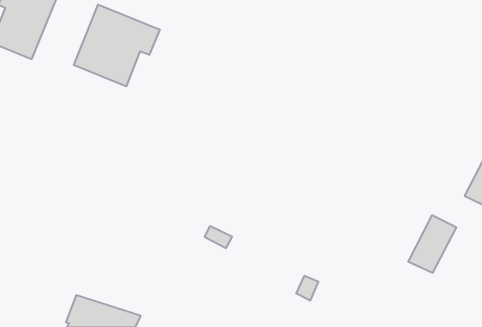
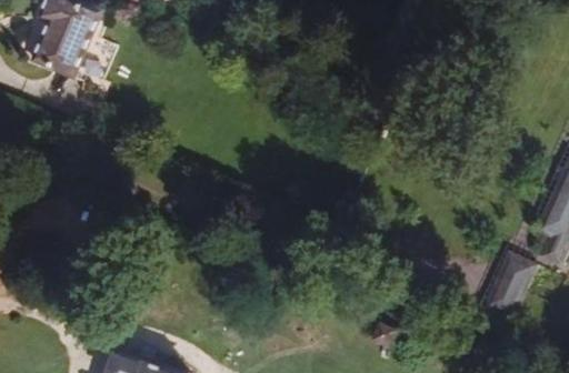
building: [74,5,160,86] -> none

